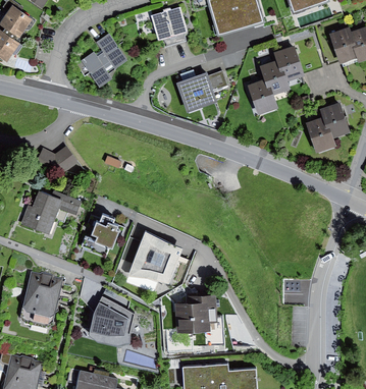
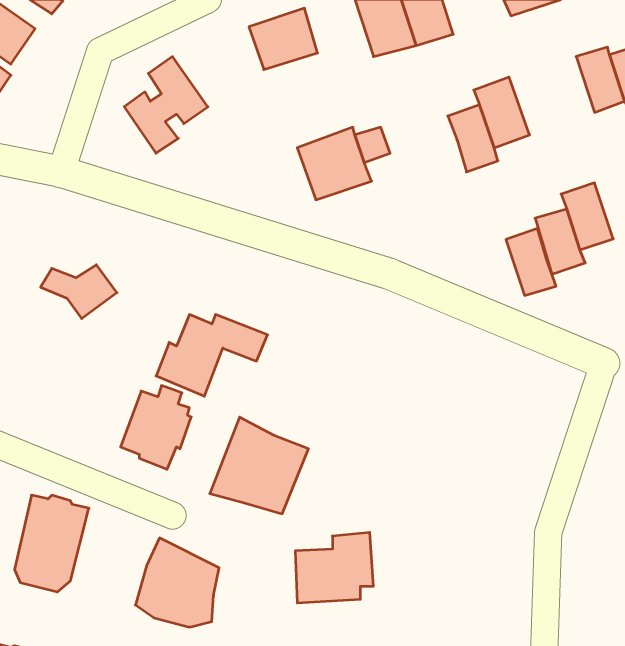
building: [247,78,274,115] -> [506,229,556,295]
building: [20,189,82,234] -> [156,315,268,396]

